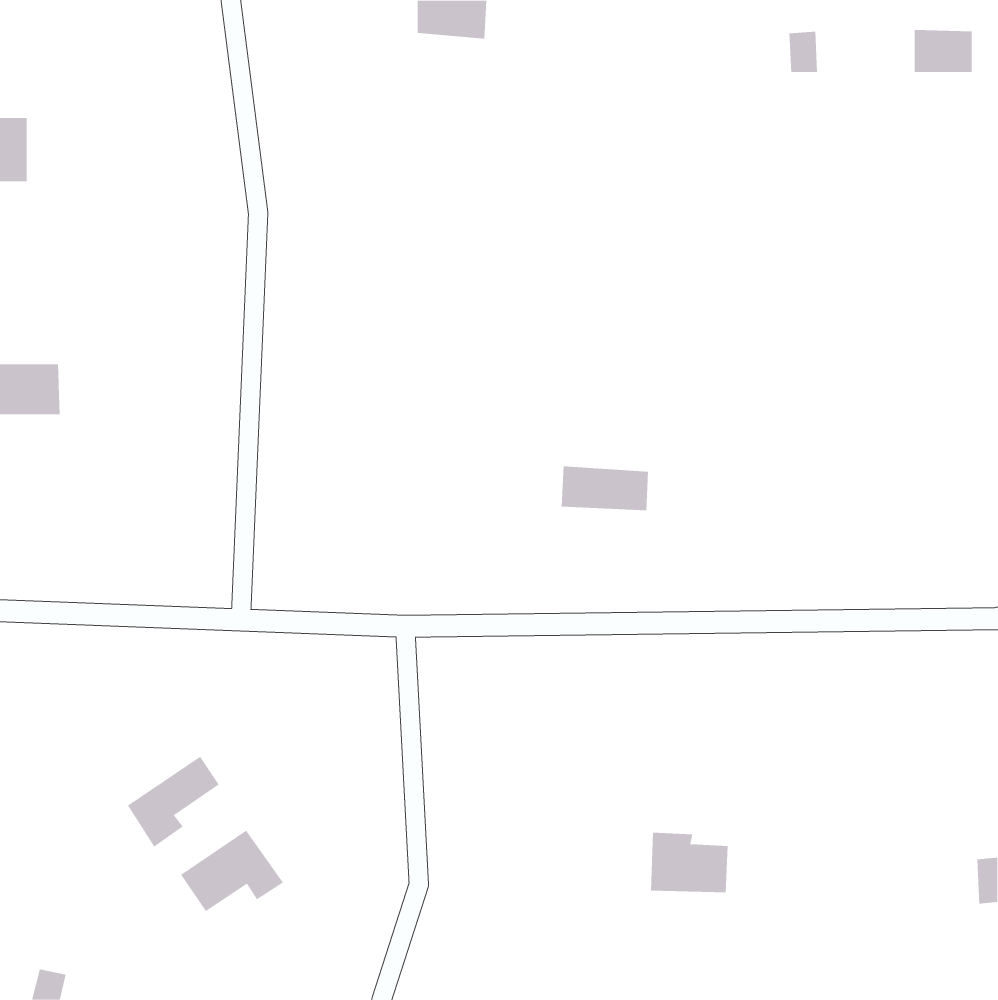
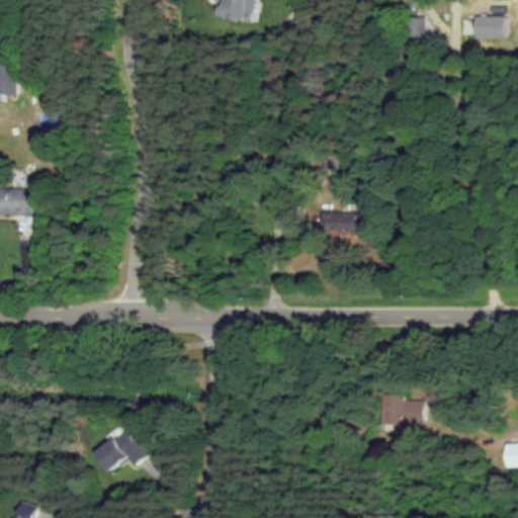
building: [561,466,649,511] -> [320,210,365,234]
building: [127,756,219,847] -> none
building: [650,832,728,893] -> [382,394,423,425]

